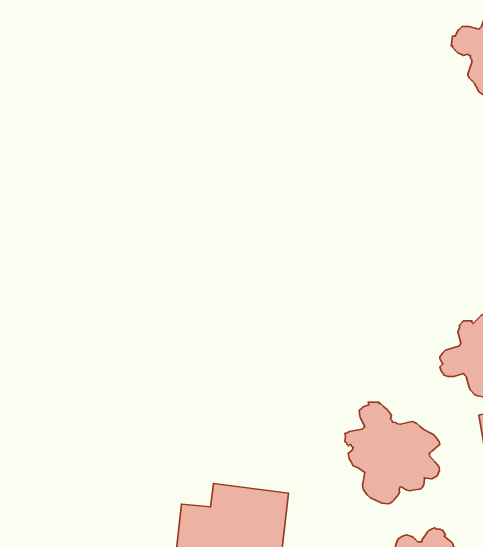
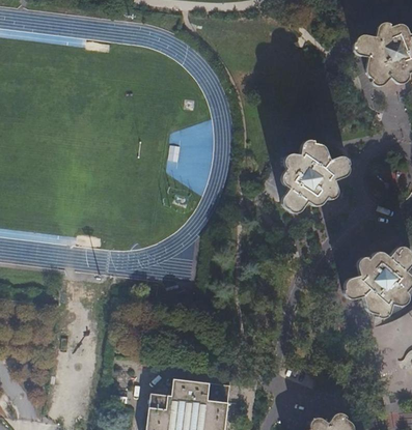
building: none -> [281,140,350,213]
building: [345,402,440,504] -> none

